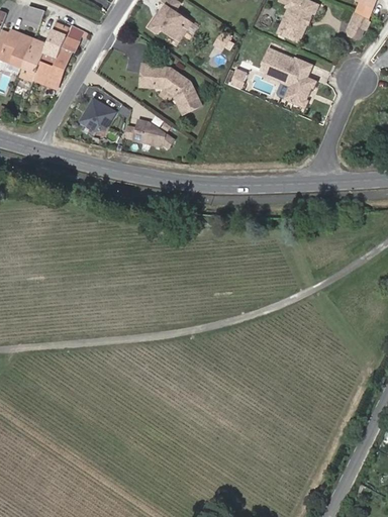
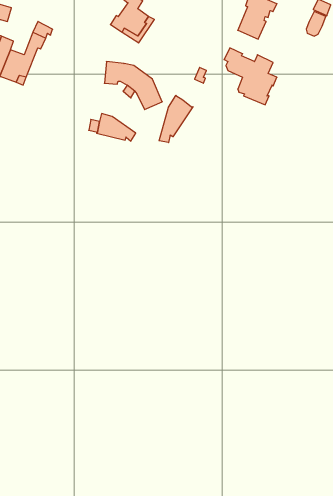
building: [43,28,67,58] -> none
building: [79,97,115,129] -> none
building: none -> [159,95,193,143]

